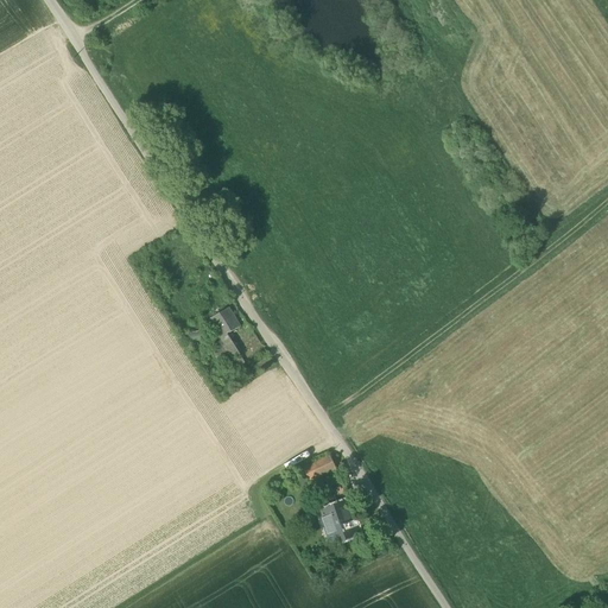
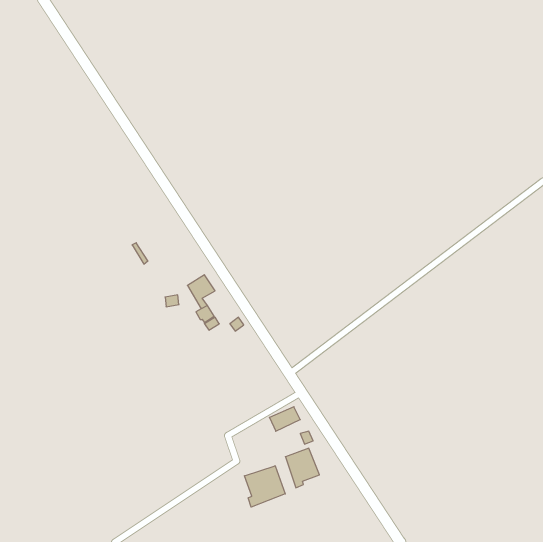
building: none -> [244,466,285,507]

